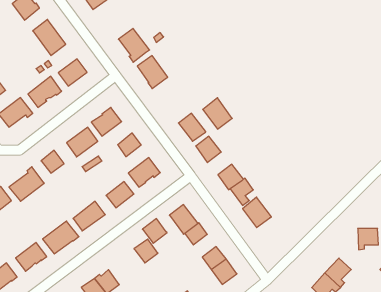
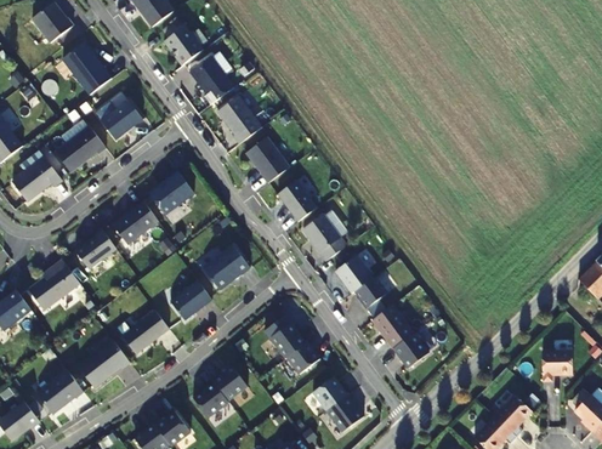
building: none -> [164,25,201,64]
building: [203,98,232,129] -> [245,136,289,182]
building: [118,133,141,157] -> none
building: none -> [392,331,428,368]
building: [142,219,167,243] -> [192,381,228,417]

